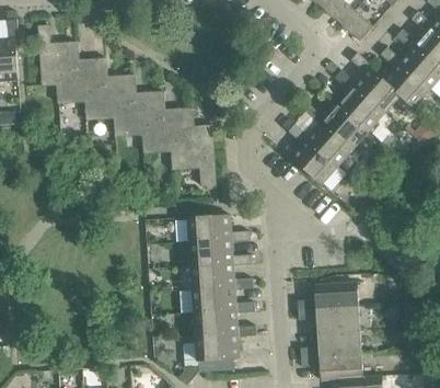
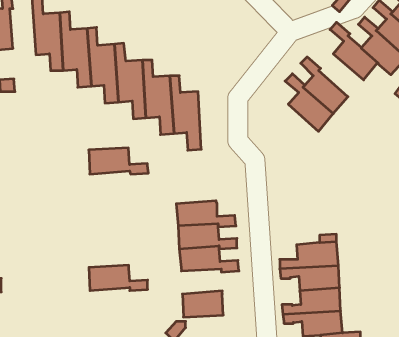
building: [334,70,384,130] -> none
building: [287,124,337,184] -> none
building: [187,215,250,242] -> [89,148,148,174]
building: [194,310,255,336] -> [89,265,148,291]

